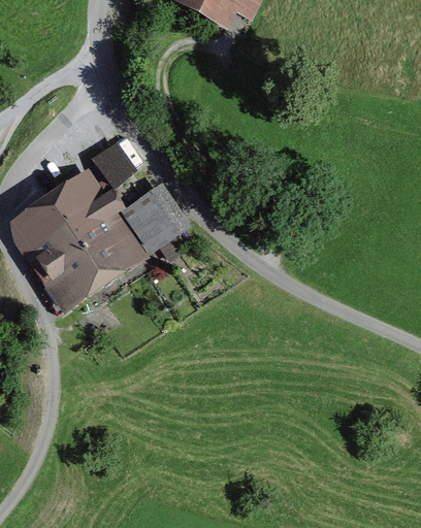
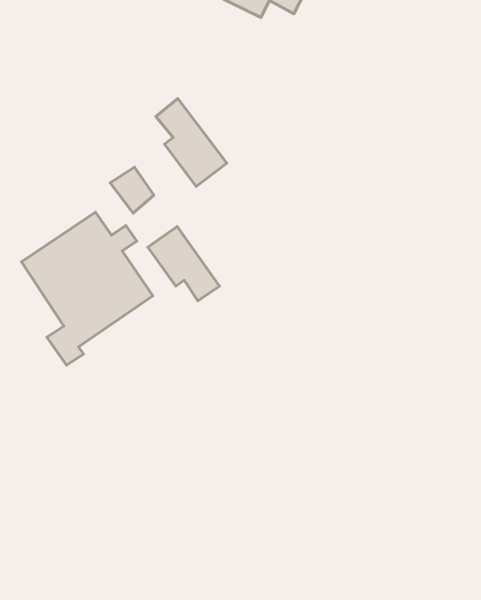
building: none -> [156,99,227,186]

